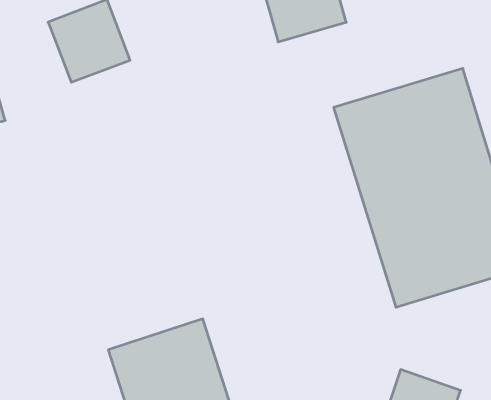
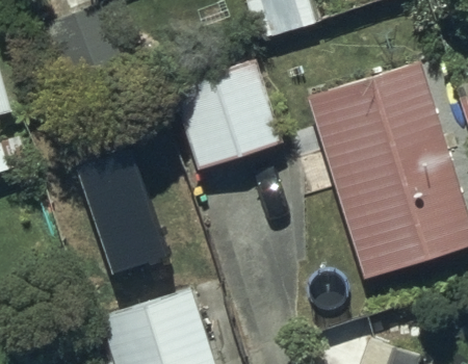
building: none -> [171,55,282,167]
building: none -> [82,148,176,271]

